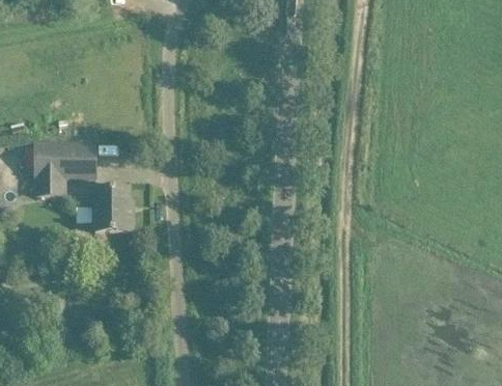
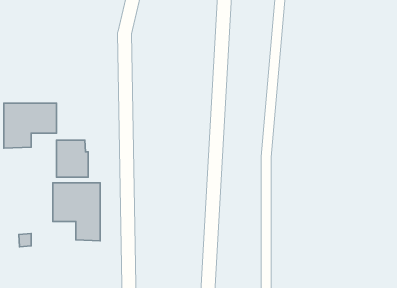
building: none -> [53,183,100,241]

